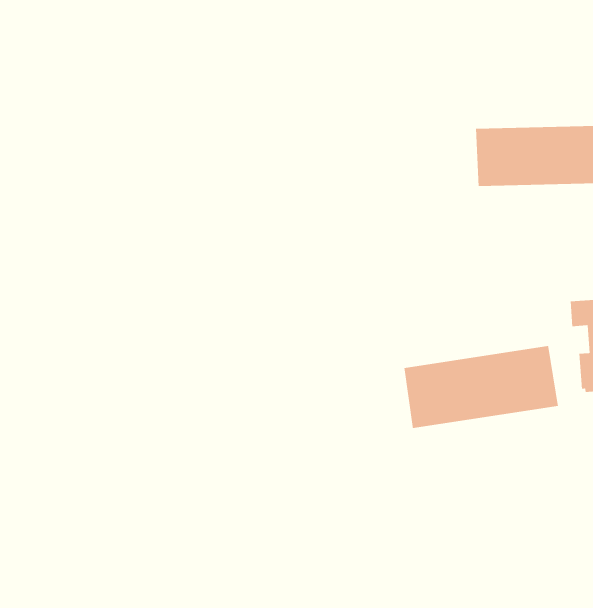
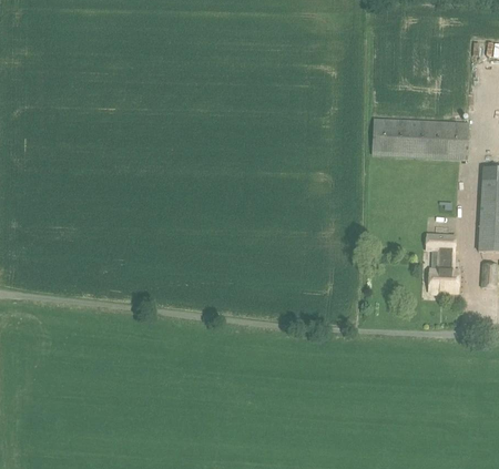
building: [404,345,559,429] -> none

